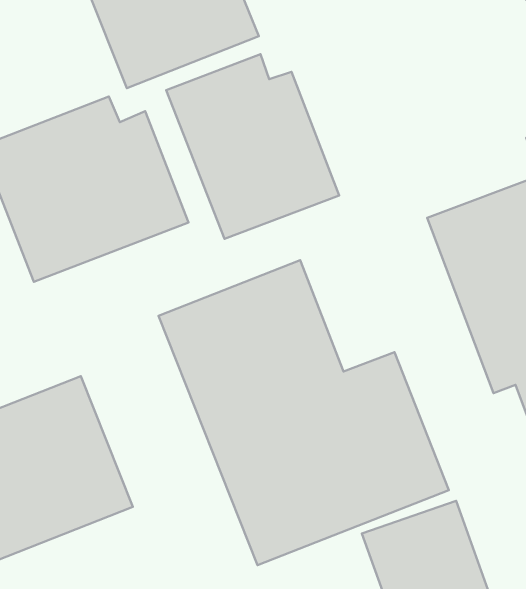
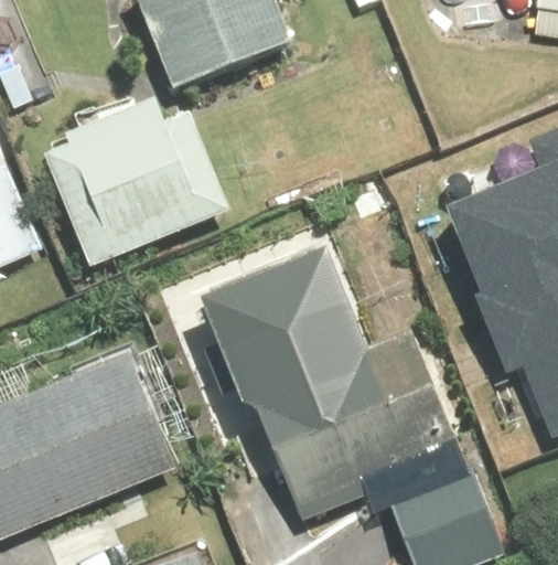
building: [166,54,339,239] -> none

